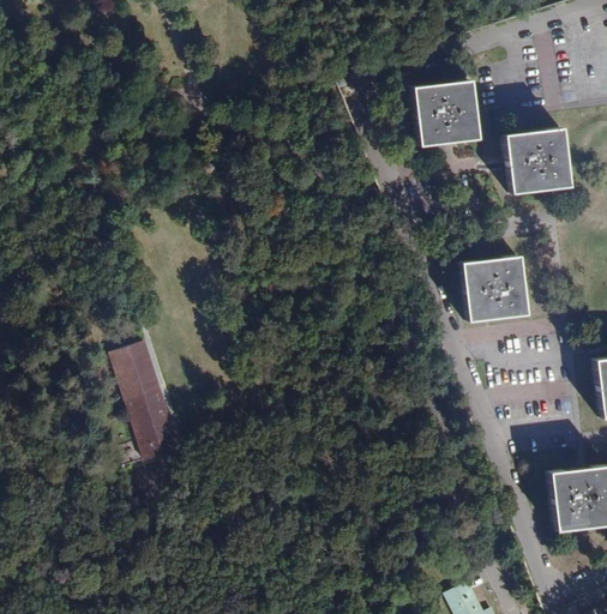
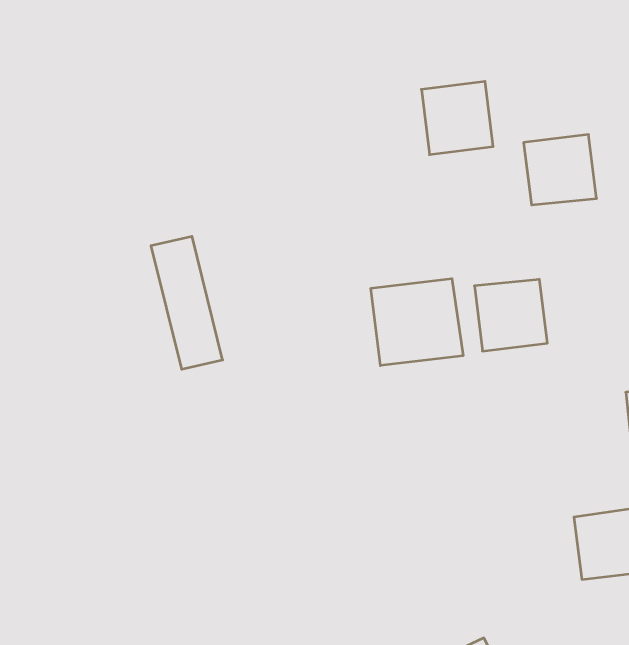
building: none -> [371,279,463,366]
building: [109,345,174,465] -> [151,236,223,369]

